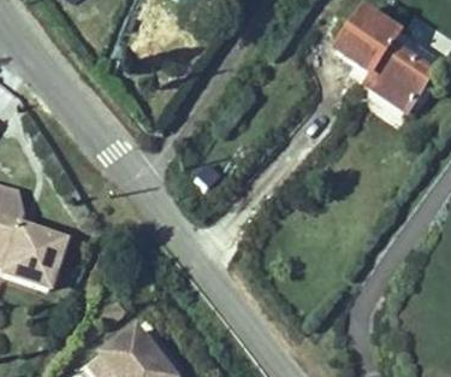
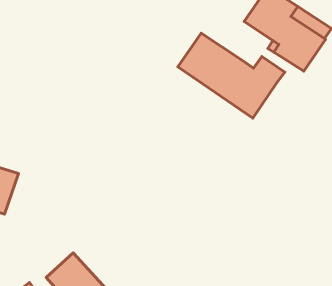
building: none -> [178,33,285,118]

